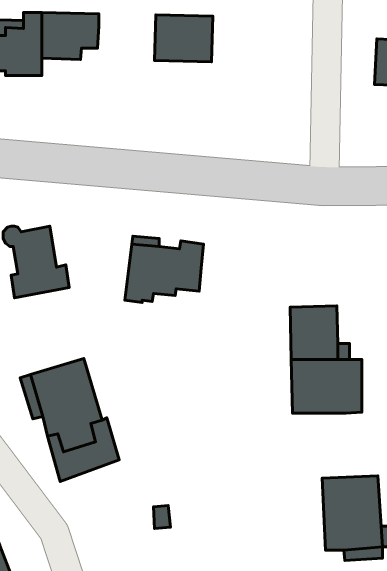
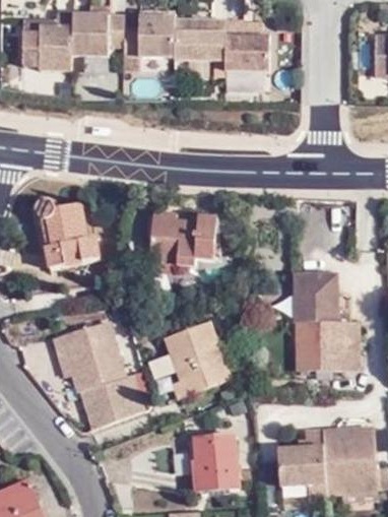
building: none -> [122,14,174,56]
building: none -> [223,16,265,65]
building: none -> [164,321,230,398]
building: none -> [275,428,325,493]
building: none -> [194,433,239,490]

